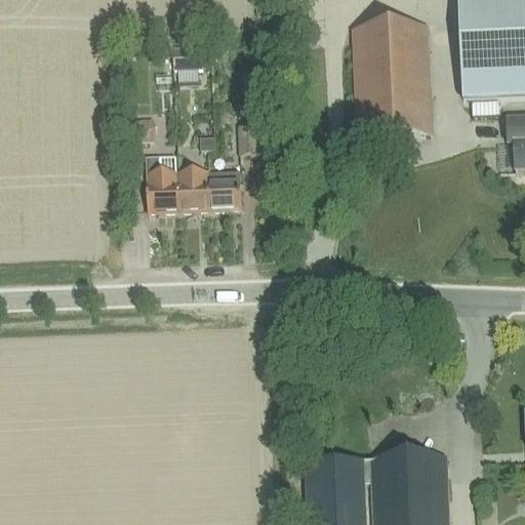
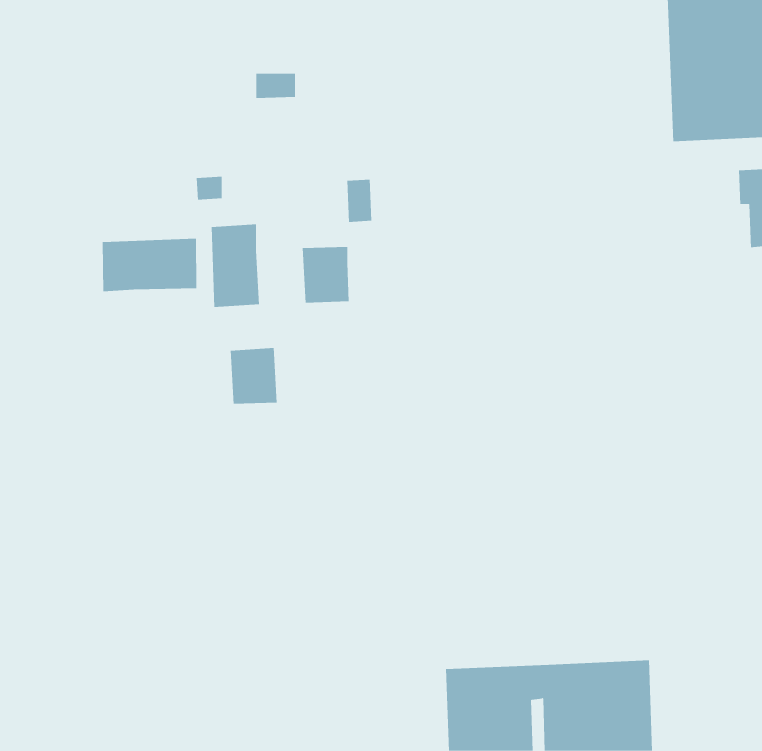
building: [353,24,432,135] -> none
building: none -> [102,238,197,292]
building: [177,170,210,209] -> [230,347,278,404]

